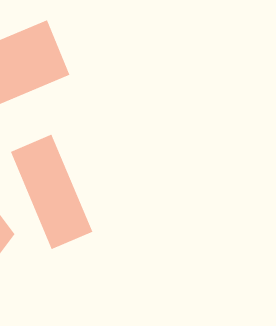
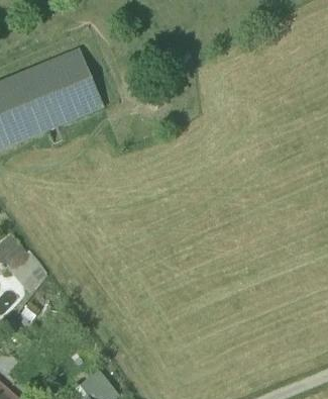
building: [10,133,94,250] -> none

